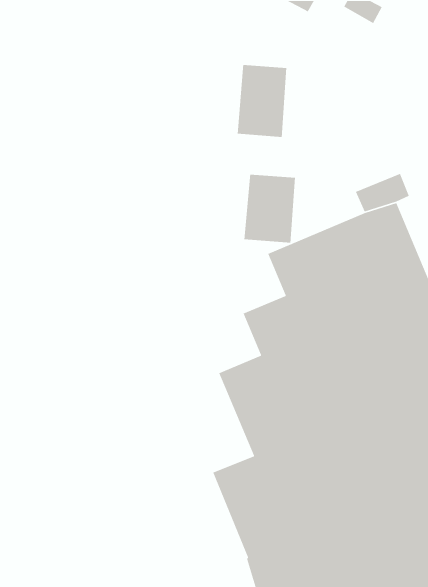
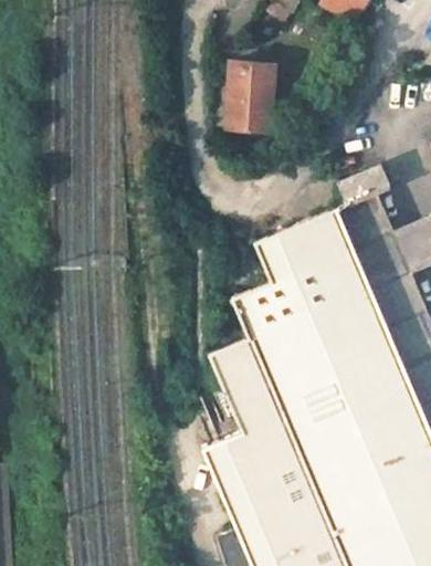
building: [244,174,296,243] -> none

